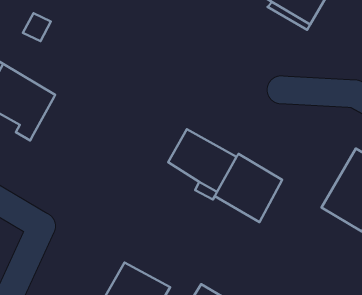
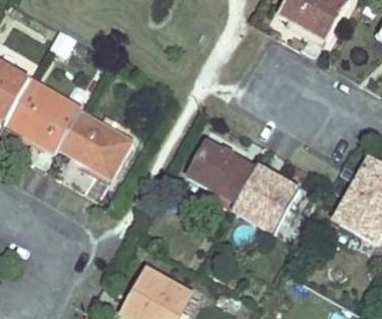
building: none -> [57,108,132,182]

